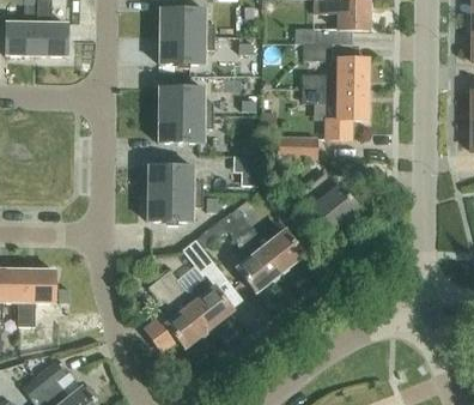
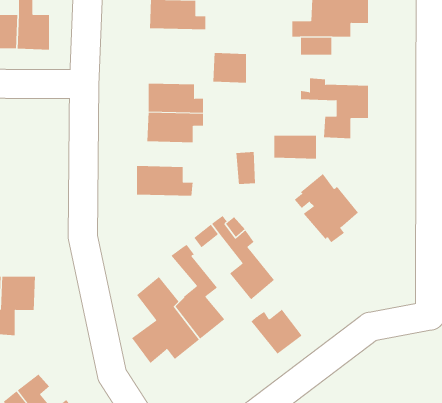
building: [160,35,214,64] -> none
building: [303,59,369,95] -> none
building: [147,192,201,219] -> none
building: [254,229,303,272] -> [251,309,303,354]

